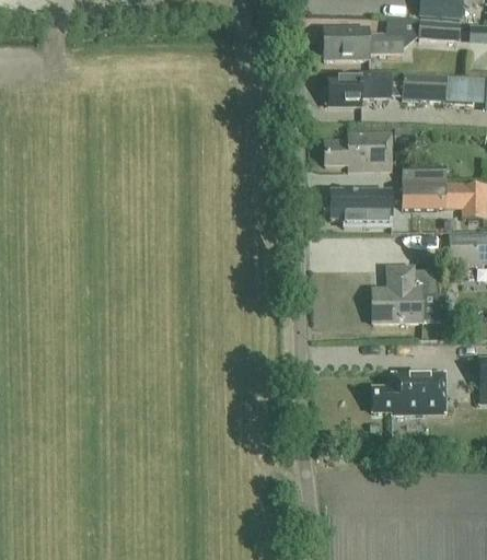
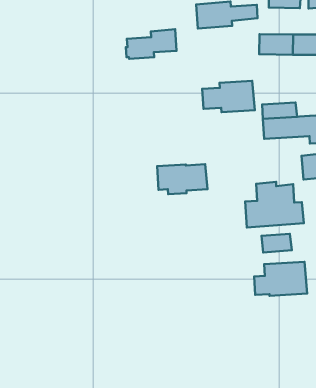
building: [325,69,391,104] -> [126,29,177,59]
building: [327,191,391,229] -> [157,164,207,194]
building: none -> [262,234,292,252]

